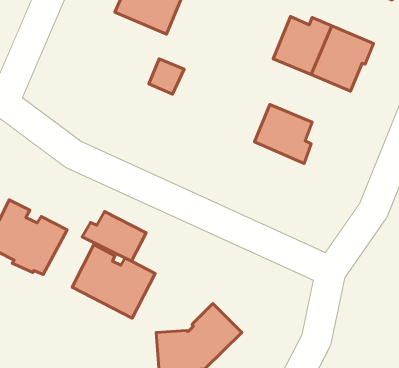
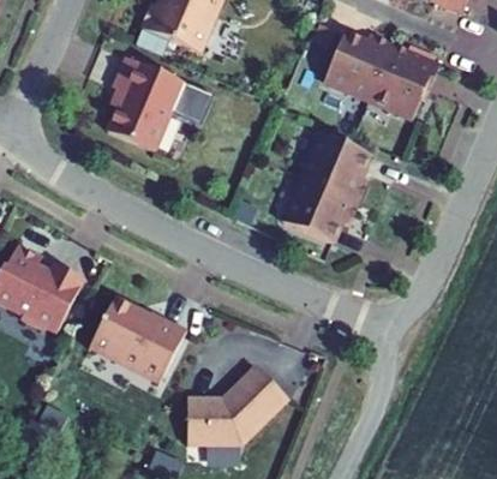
building: none -> [107,58,182,150]
building: none -> [282,178,359,243]
building: [82,211,146,261] -> none

